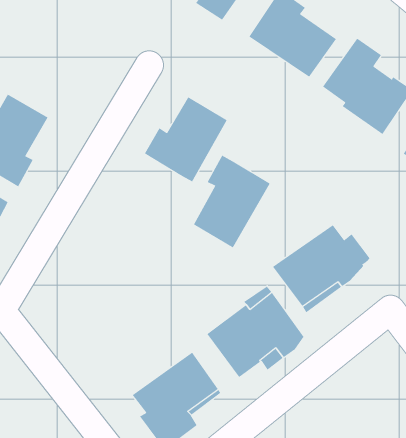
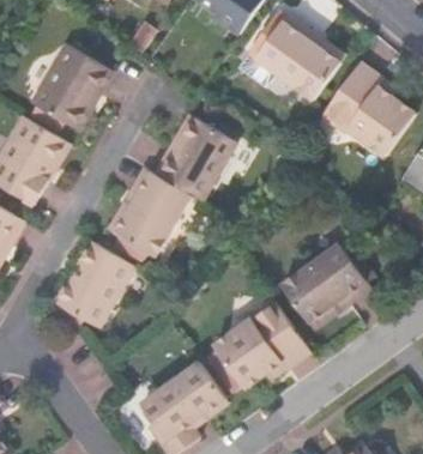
building: none -> [28,43,109,126]
building: [193,155,270,248] -> [115,168,189,258]
building: none -> [58,240,133,327]

